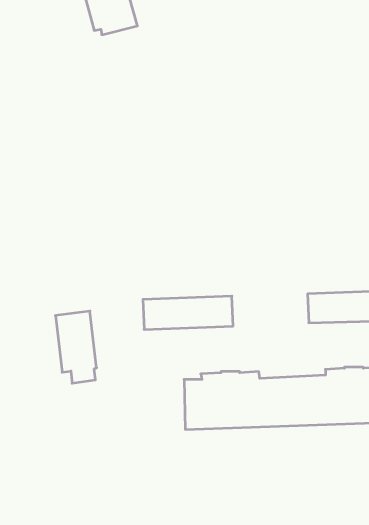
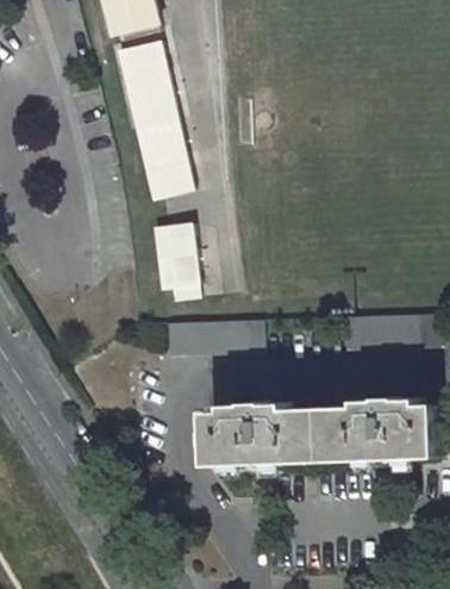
building: none -> [121,43,193,199]
building: [55,311,97,383] -> [155,224,199,302]

